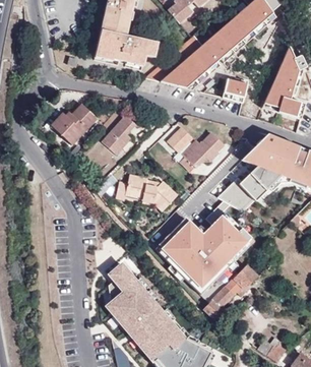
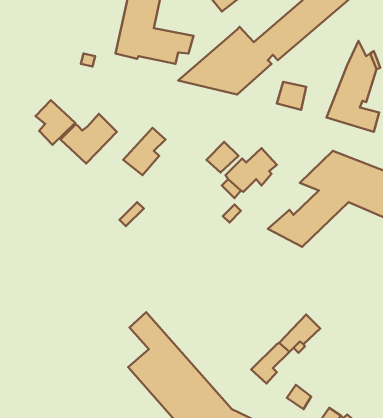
building: none -> [36,100,75,145]
building: [116,174,176,210] -> none
building: [159,210,254,292] -> none

